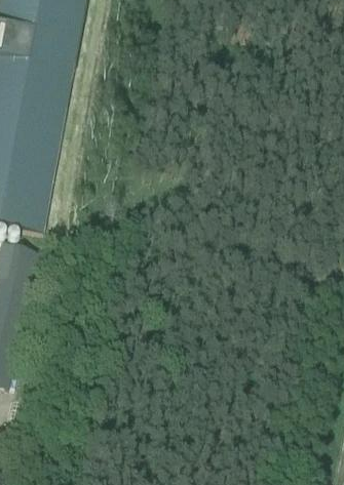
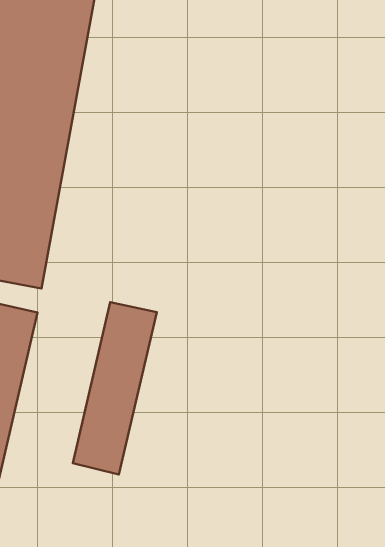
building: none -> [73,302,157,475]

